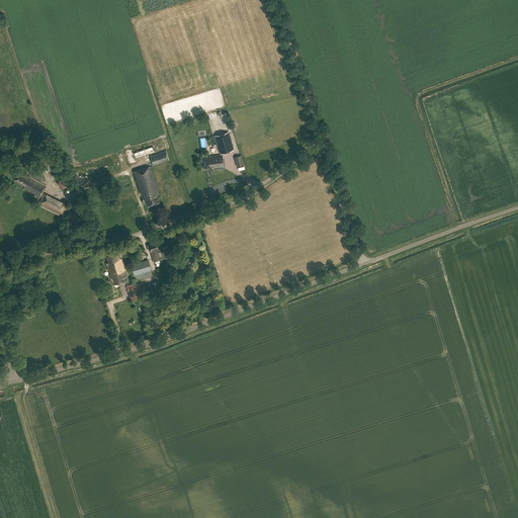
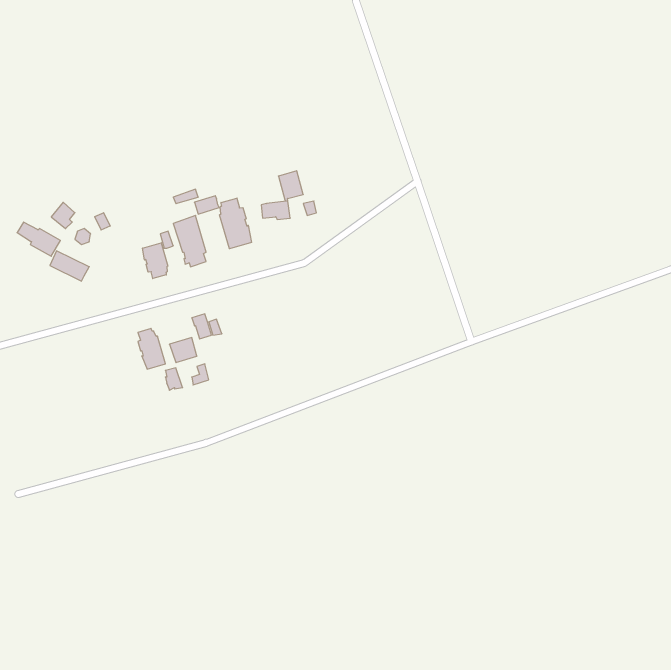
building: none -> [220,198,251,249]
building: none -> [143,243,168,279]

